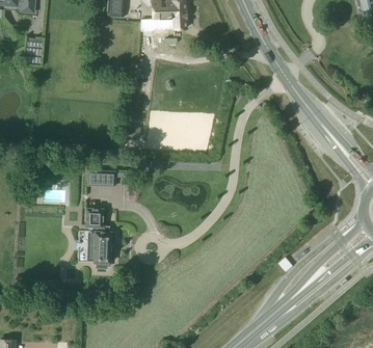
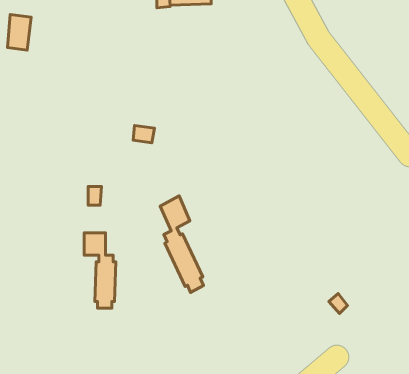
building: none -> [160,196,203,292]

